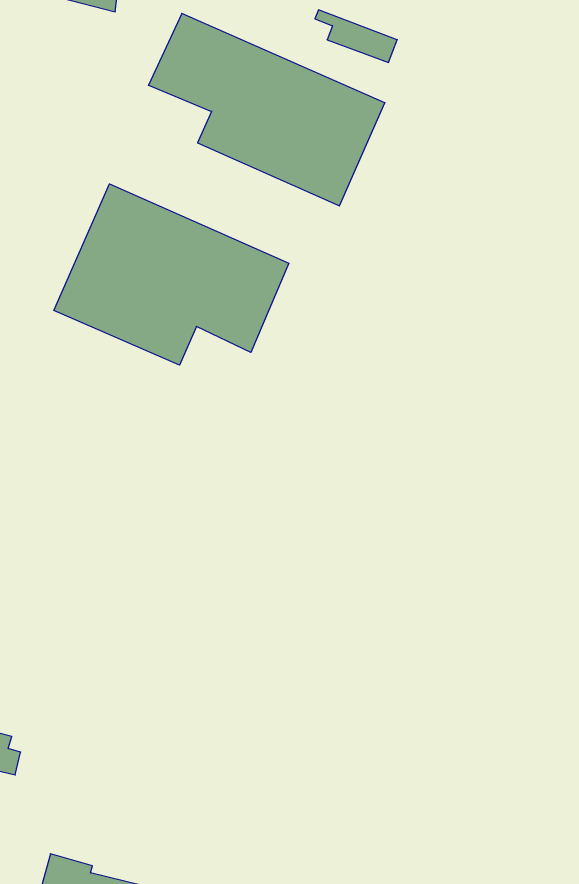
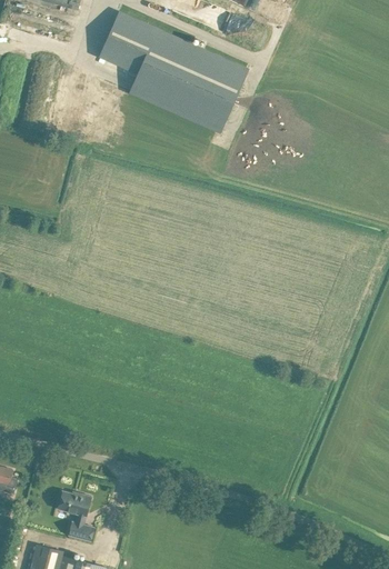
building: [54,184,289,365] -> none
building: none -> [58,490,93,540]

